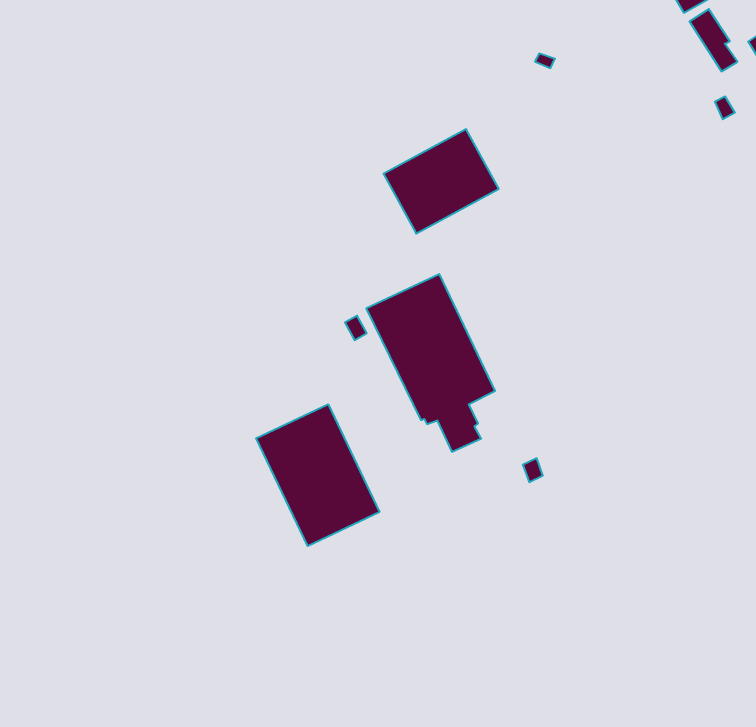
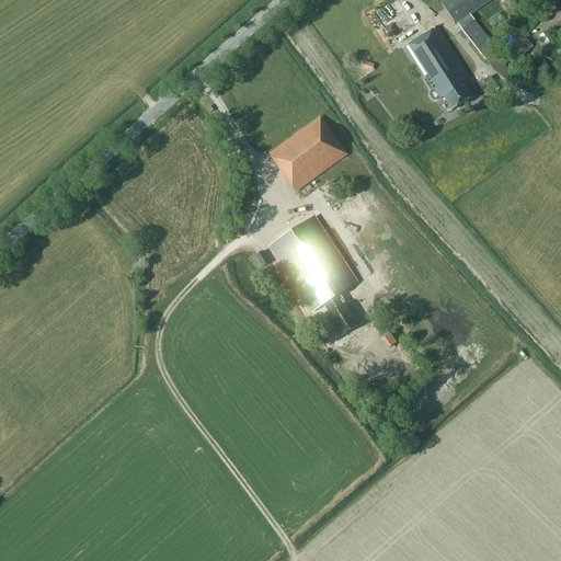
building: none -> [403,25,472,110]
building: [256,404,379,546] -> none

